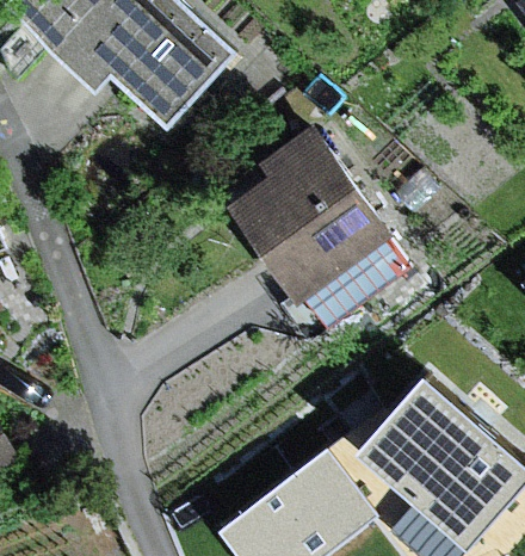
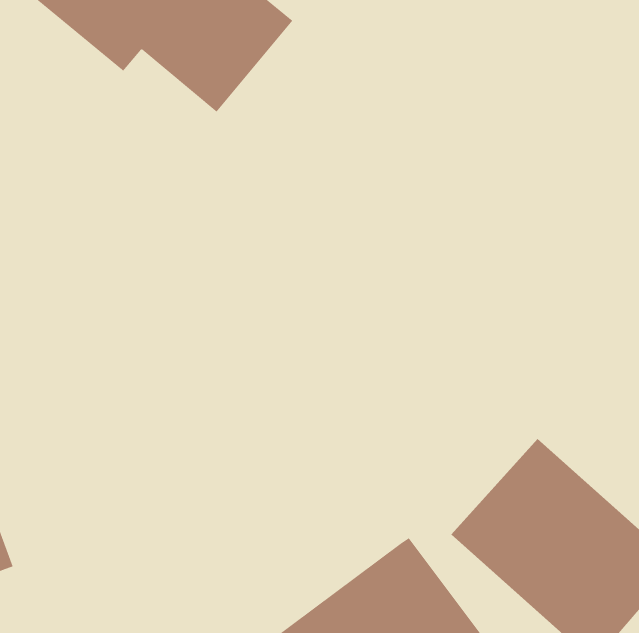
building: [226,125,402,330] -> none

